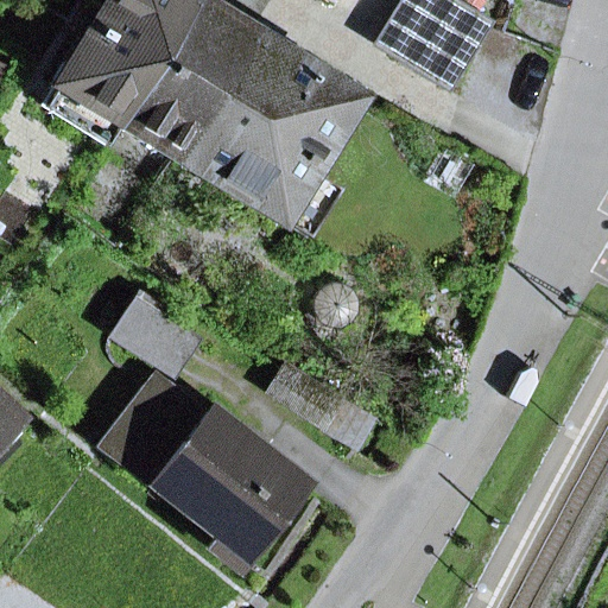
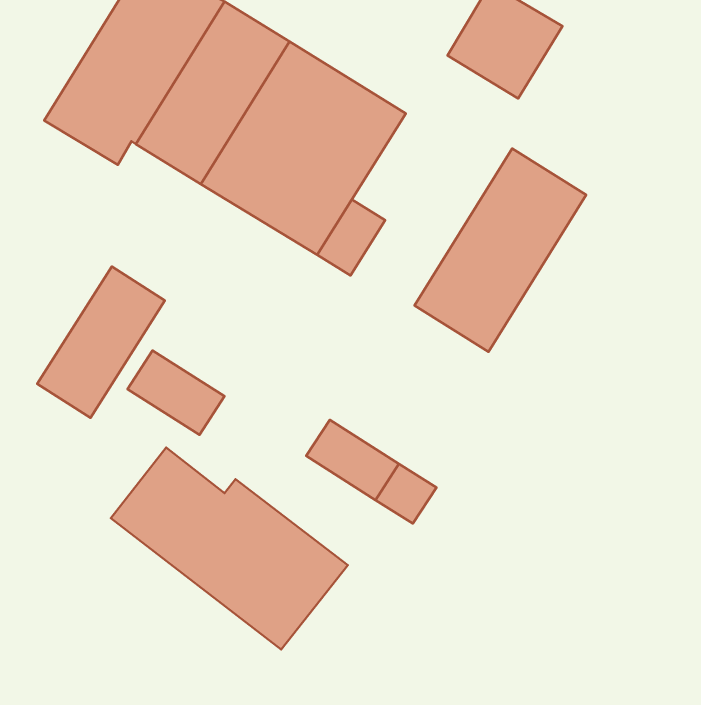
building: none -> [415,149,586,352]
building: none -> [37,266,165,418]

